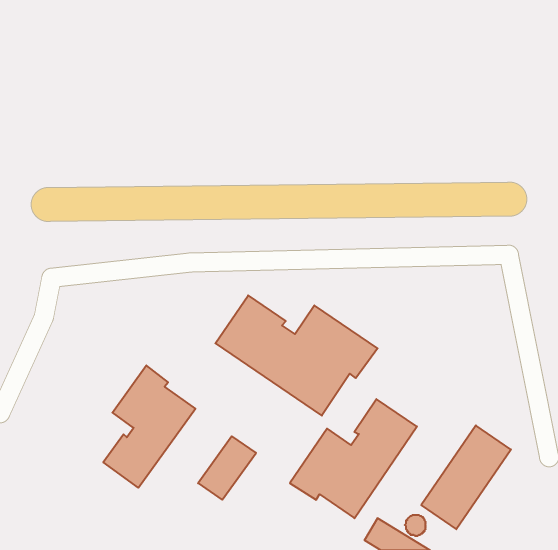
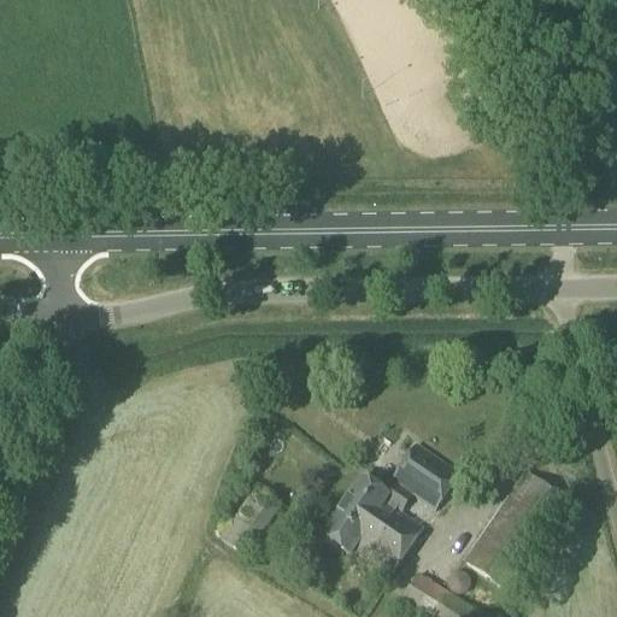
building: [215,295,378,416] -> none
building: [103,365,195,488] -> none

